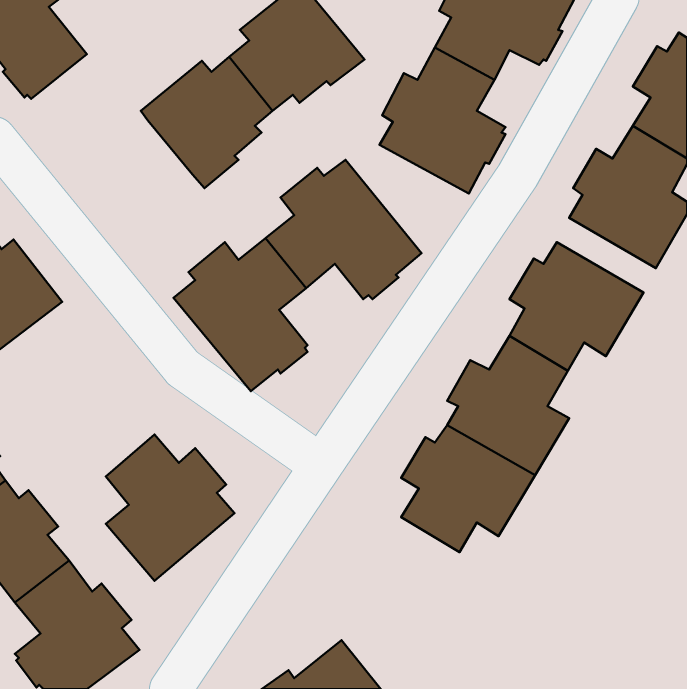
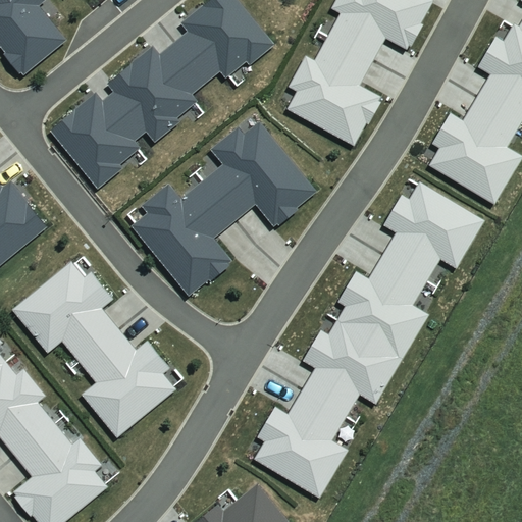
building: none -> [48,91,145,189]
building: none -> [10,260,116,359]
building: none -> [254,389,348,498]

